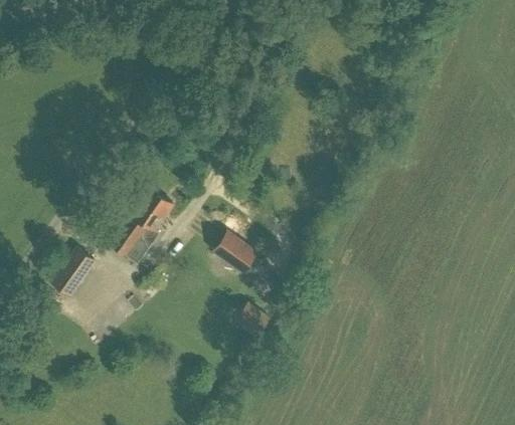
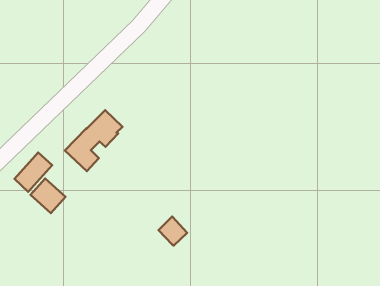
building: [211,230,259,273] -> none
building: none -> [30,178,65,213]

